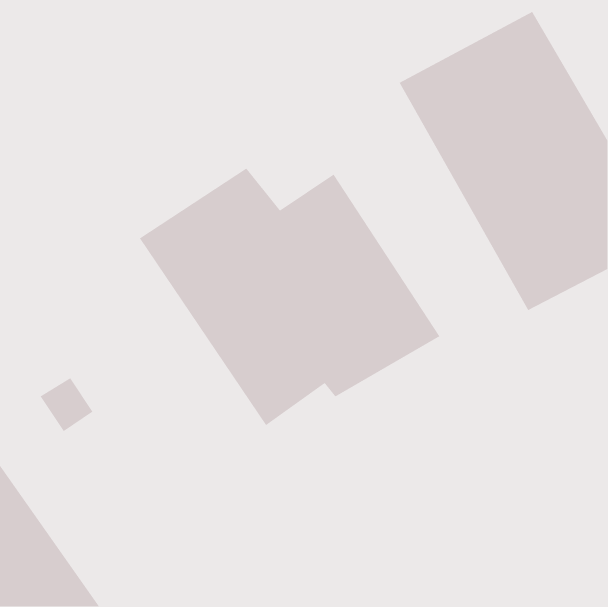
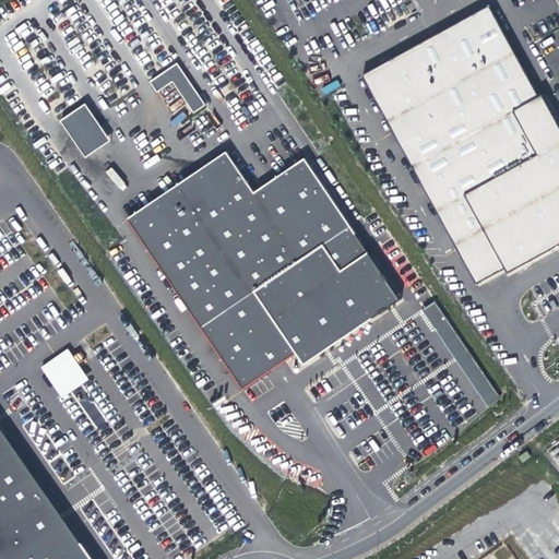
building: none -> [148,62,203,109]
building: none -> [59,102,109,158]
building: none -> [420,301,498,404]

